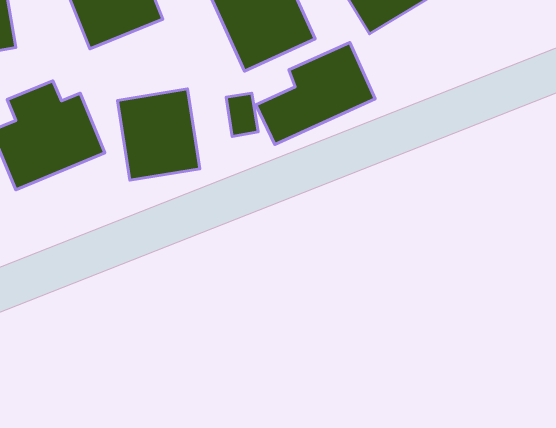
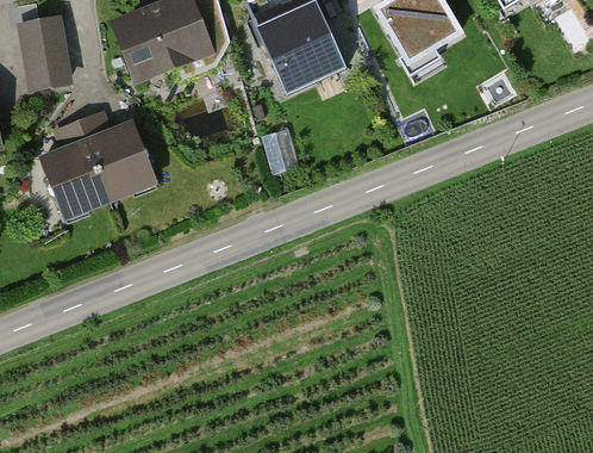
building: [256,42,375,144] -> none
building: [117,89,200,180] -> none

